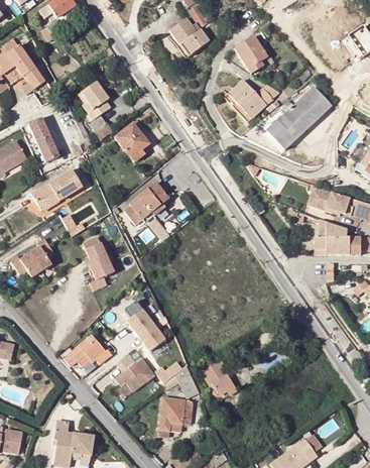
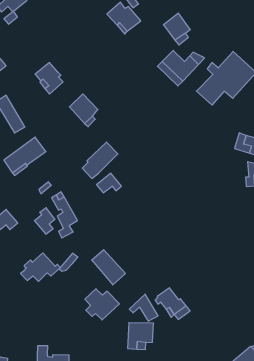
building: [30,237,54,268] -> [34,208,55,234]
building: [64,334,111,367] -> [21,253,60,281]

